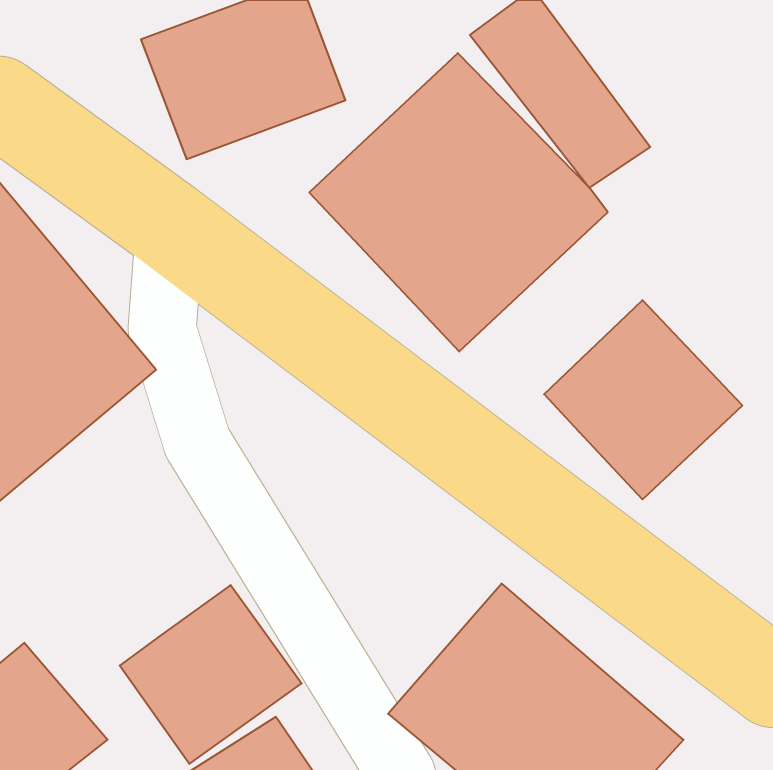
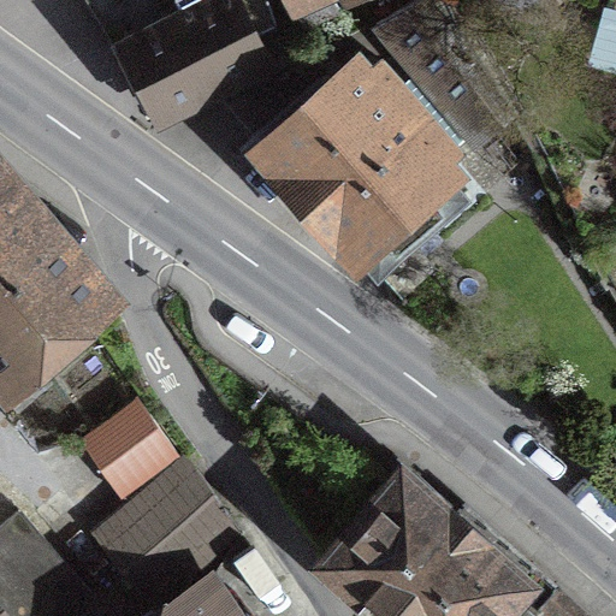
building: [544,300,742,499] -> none
building: none -> [81,404,183,509]

